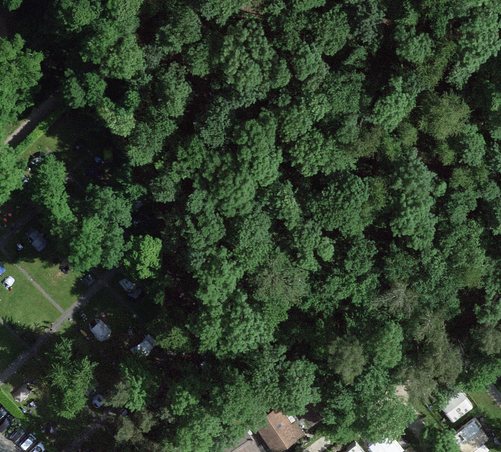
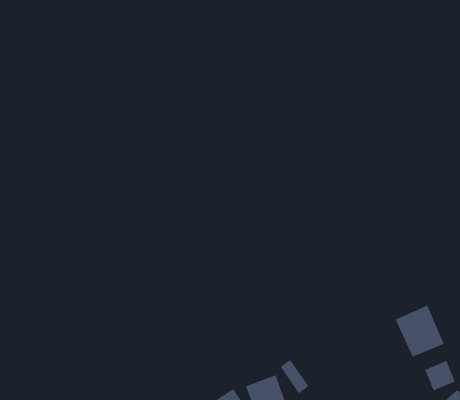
building: none -> [395,305,444,358]

